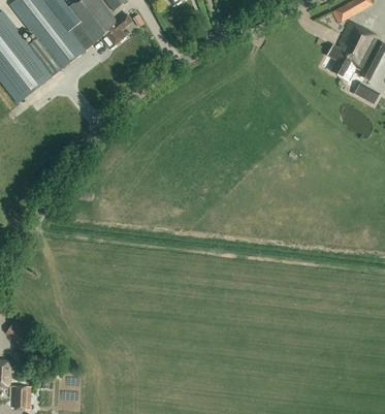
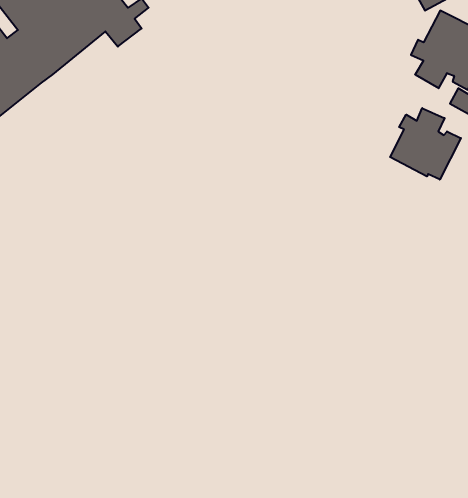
building: none -> [390,108,461,180]

